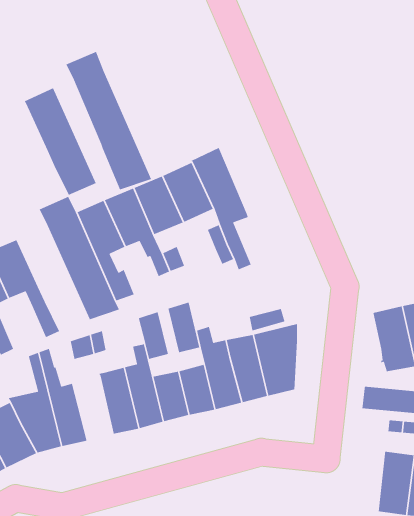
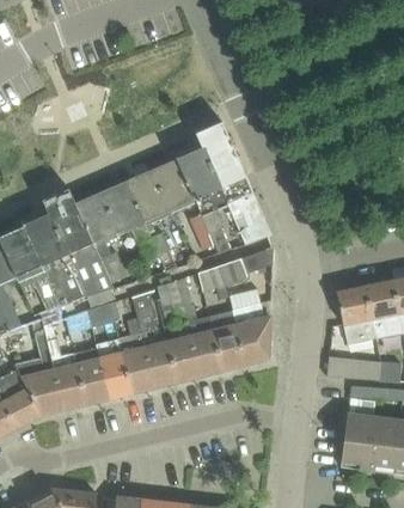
building: [65,51,152,191] -> [195,121,271,244]
building: [24,87,97,196] -> [22,212,86,307]
building: none -> [197,246,273,289]
building: none -> [72,347,108,404]

